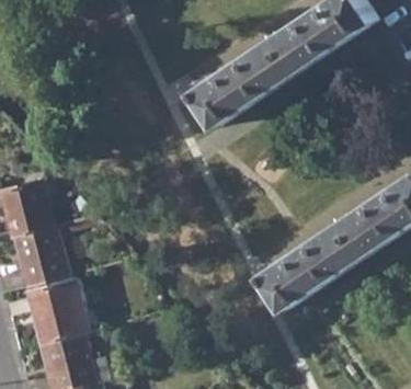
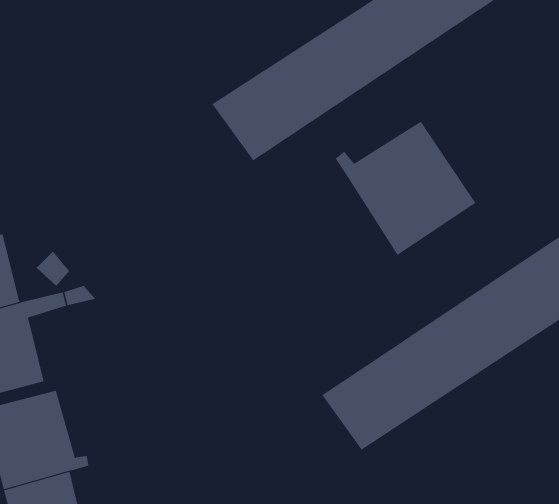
building: none -> [335,121,476,256]

